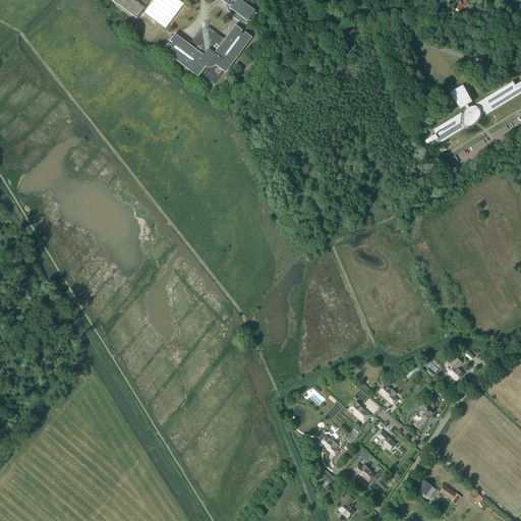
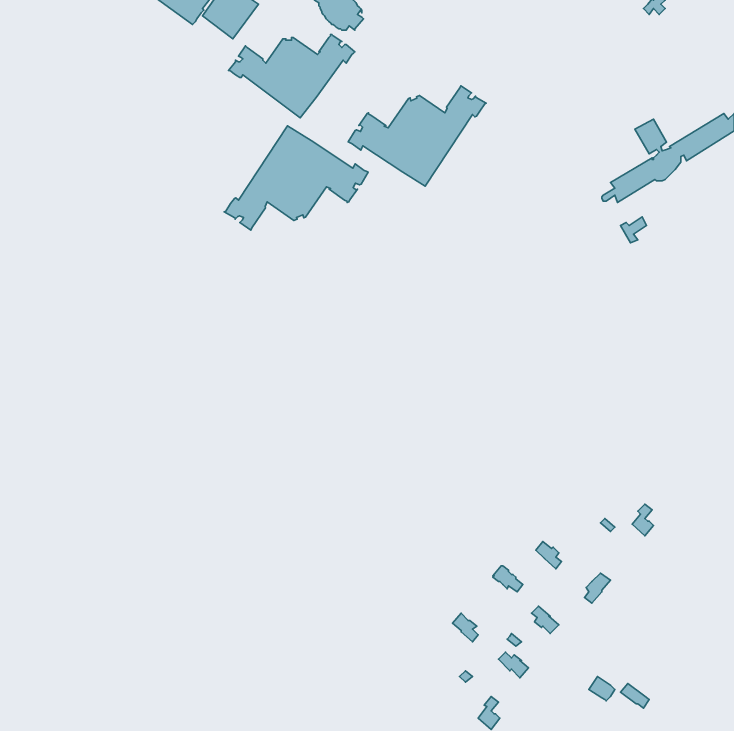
building: none -> [348,86,486,186]
building: none -> [224,126,368,230]

